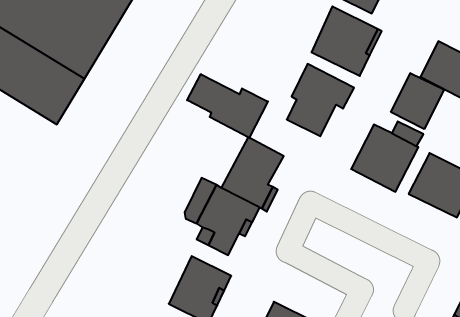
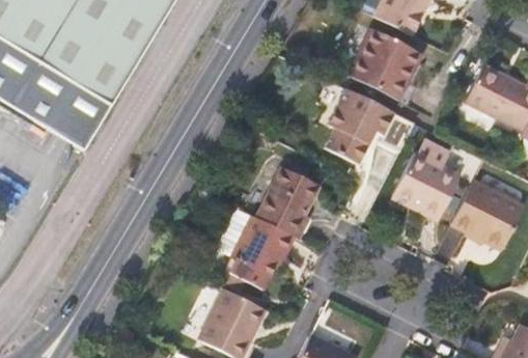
building: [391,73,444,129] -> none
building: [187,74,268,138] -> none

